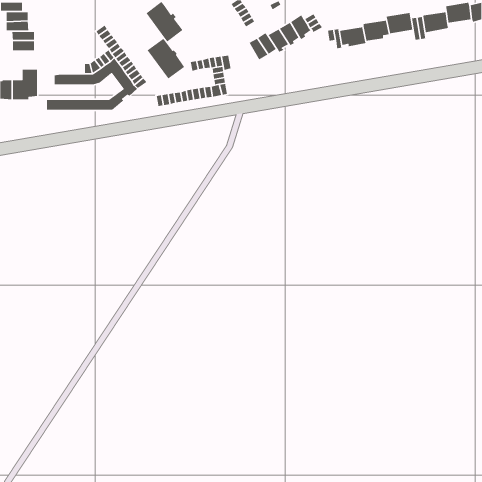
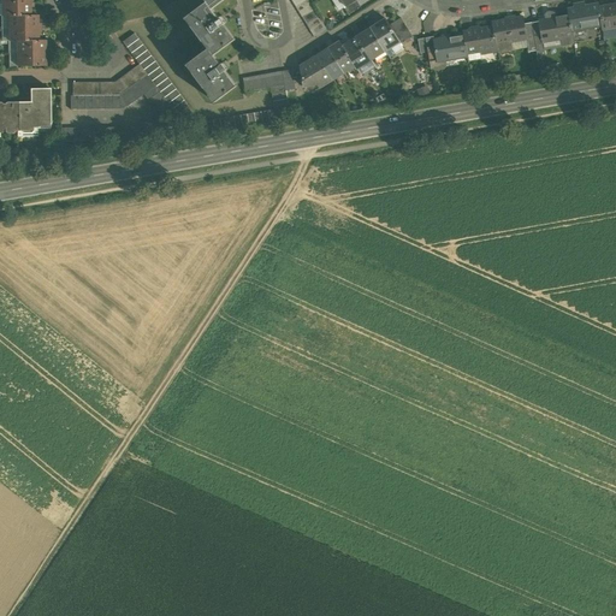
building: none -> [298,54,331,87]

